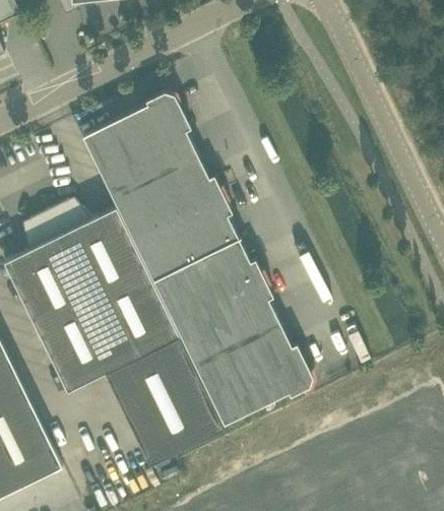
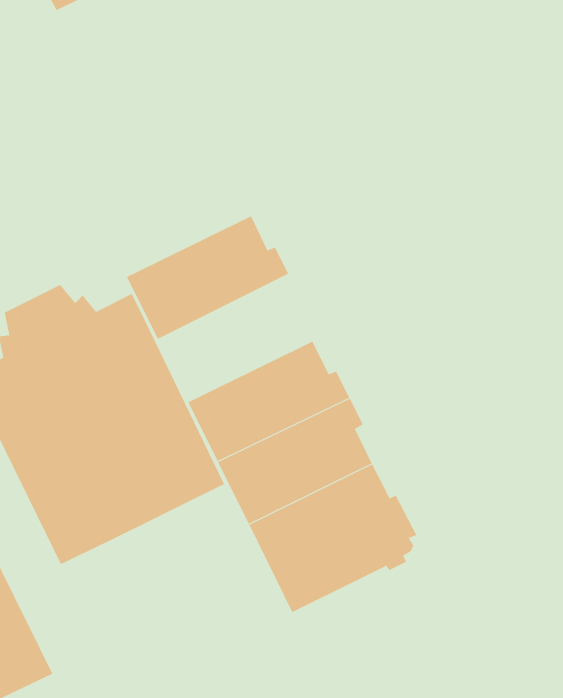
building: [82,97,197,197] -> none
building: [133,195,239,282] -> none
building: [105,338,224,465] -> none

